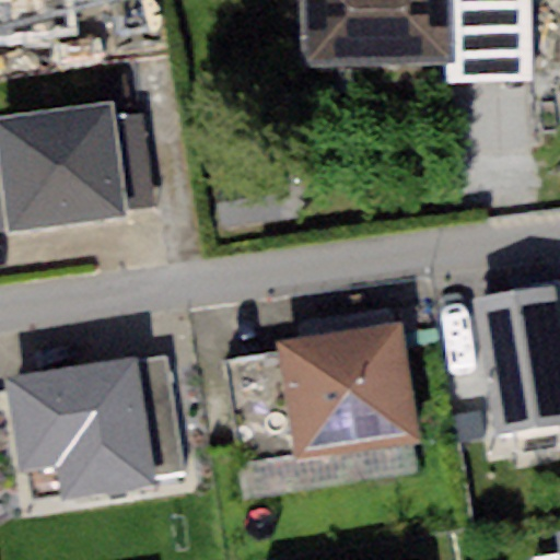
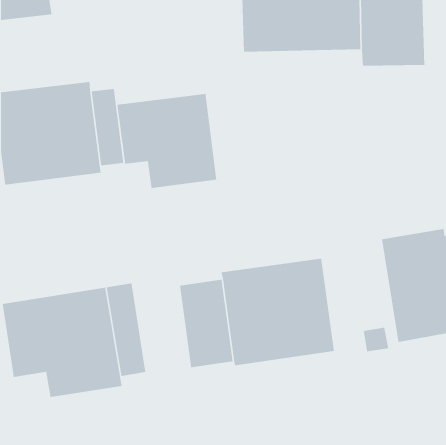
building: none -> [117,93,217,189]

